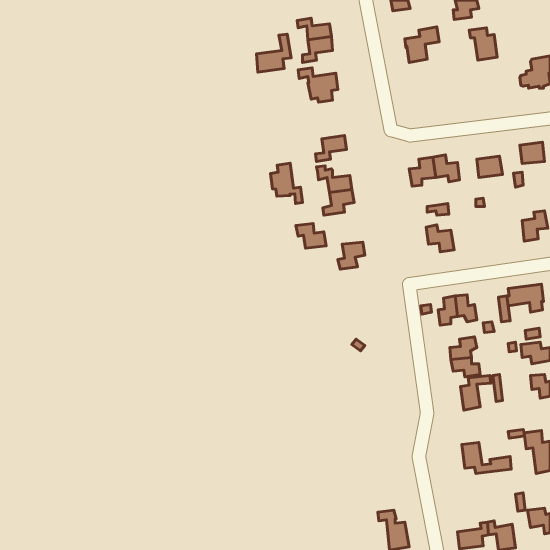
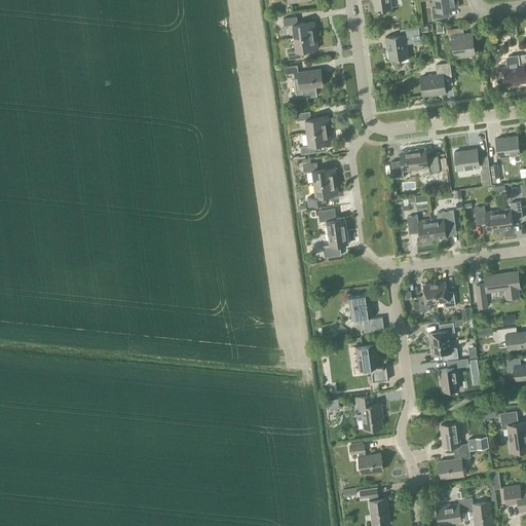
building: [256,34,291,72] -> none
building: none -> [420,63,453,96]
building: none -> [297,112,329,133]
building: [270,163,302,203] -> none
building: none -> [474,206,500,231]
building: none -> [430,211,455,238]
building: [296,223,326,248] -> [317,210,346,233]
building: none -> [348,295,384,332]
building: none -> [355,344,389,382]
building: none -> [355,396,382,428]
building: none -> [350,444,383,473]
building: none -> [439,450,471,478]

